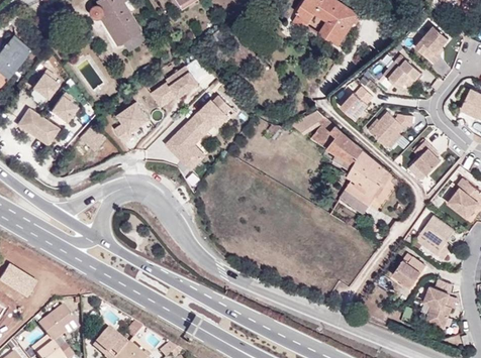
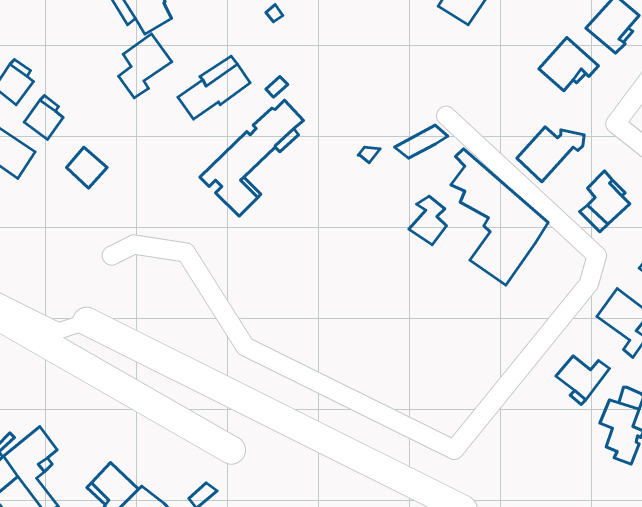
building: [341,87,373,119] -> none
building: [114,102,149,143] -> [119,34,172,98]
building: [311,118,335,149] -> [409,196,446,245]

